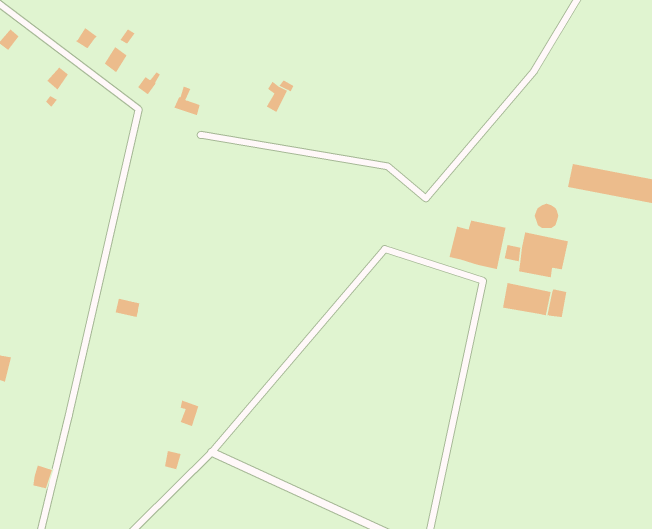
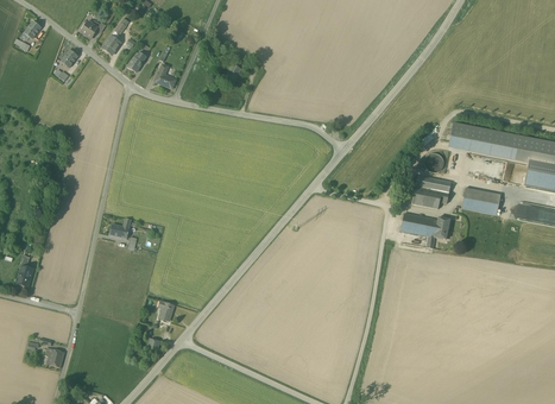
building: [449,220,506,270] -> none
building: none -> [461,188,500,215]

